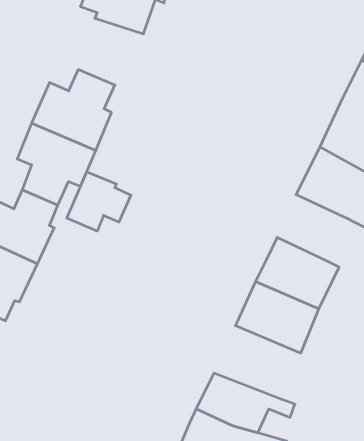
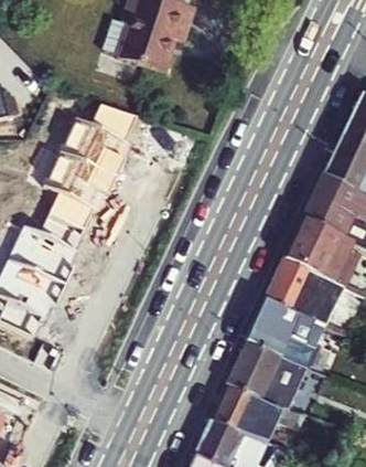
building: [67,172,131,231] -> none
building: none -> [284,219,349,280]
building: none -> [226,340,306,408]

